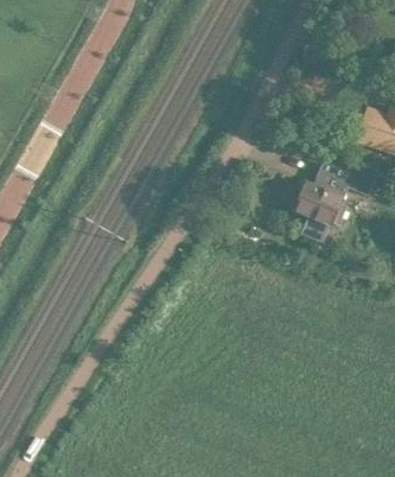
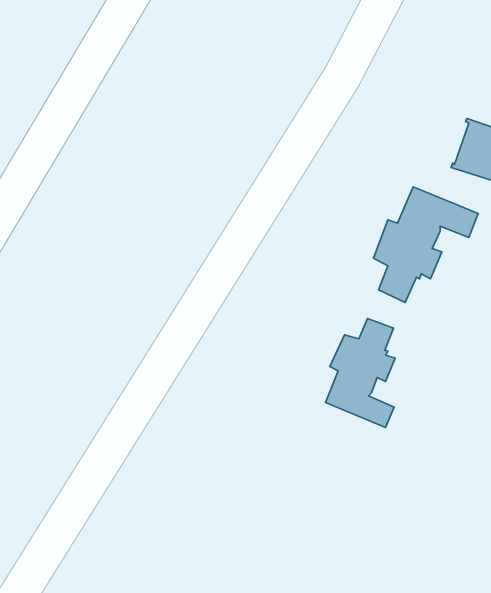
building: none -> [326,319,395,427]

